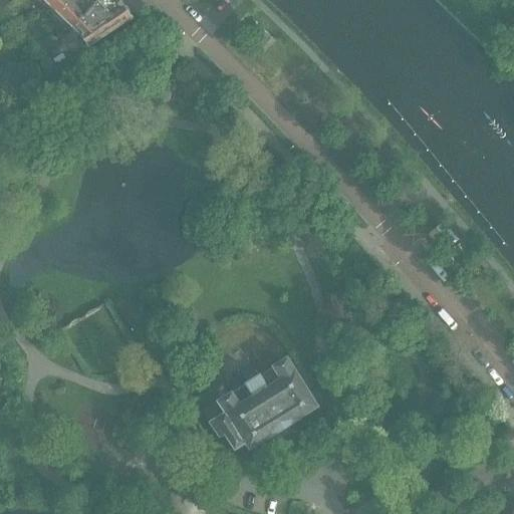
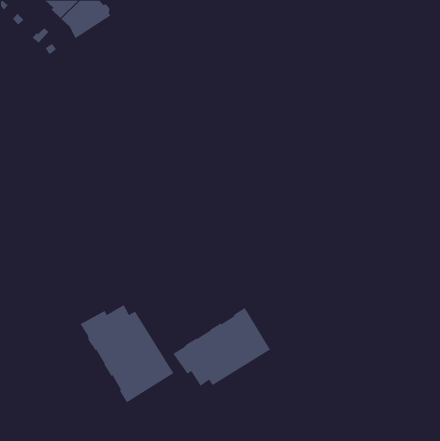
building: none -> [80,304,174,403]

